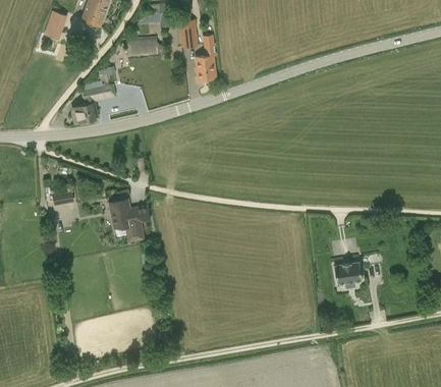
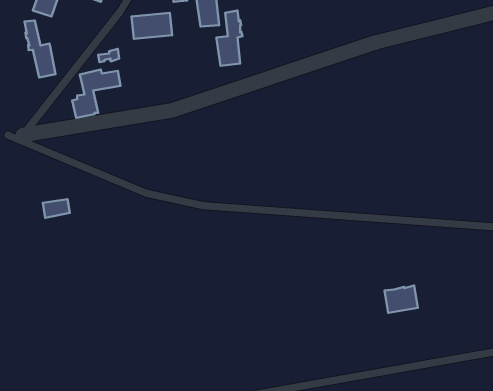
building: none -> [24,21,55,77]
building: [109,200,150,241] -> none

